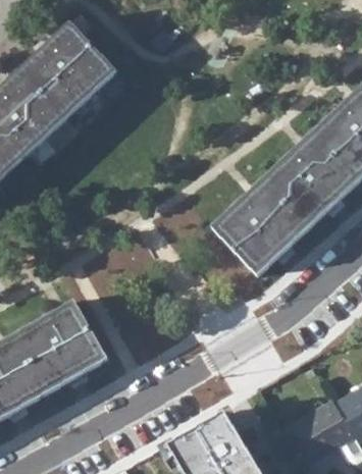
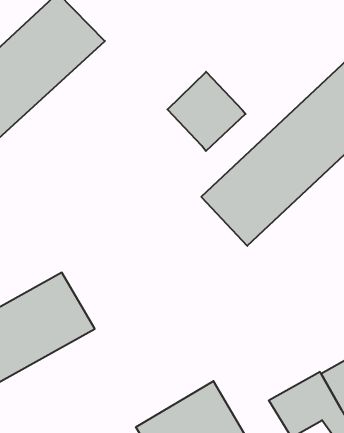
building: none -> [167,72,246,151]

